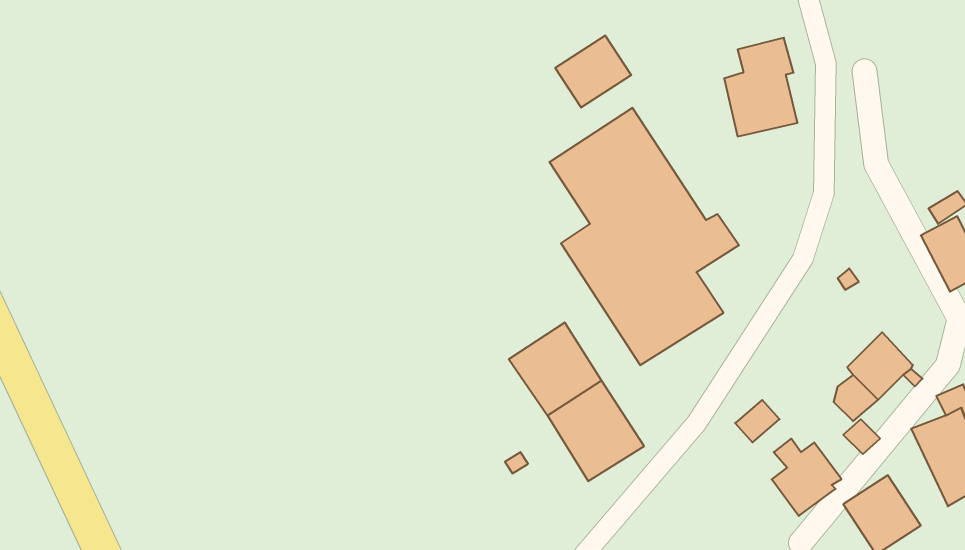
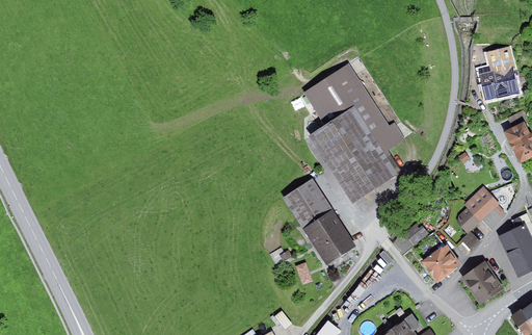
building: [555,35,631,108] -> none
building: [724,38,798,136] -> [478,46,517,99]

